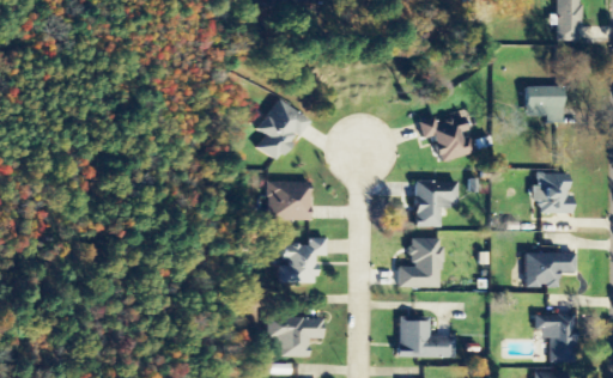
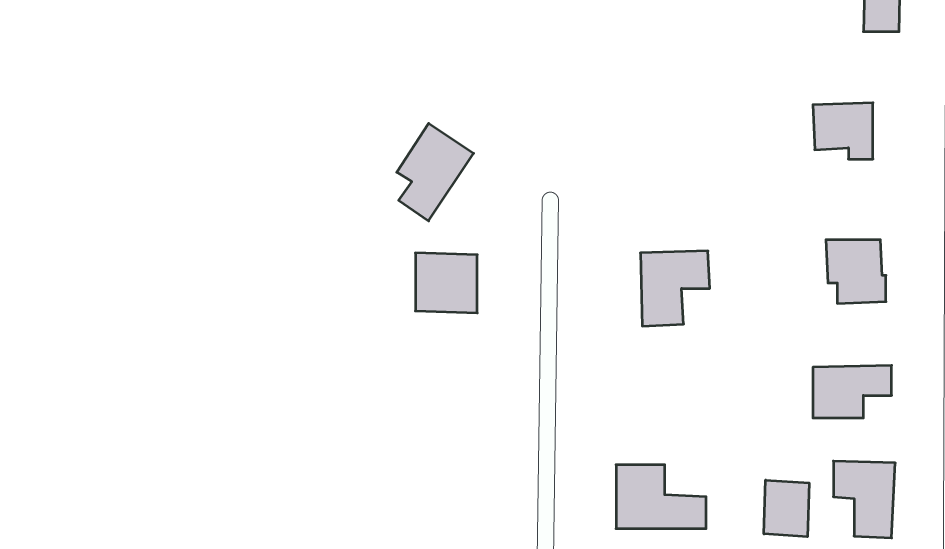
building: [415,114,473,161] -> none
building: [281,237,326,282] -> none
building: [396,237,441,287] -> none
building: [277,316,323,356] -> none
building: none -> [764,480,809,537]

